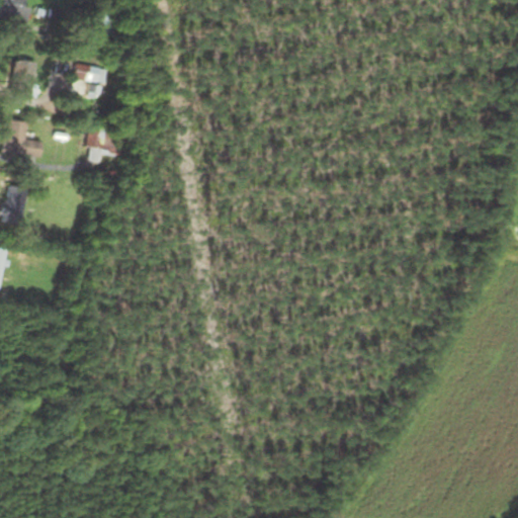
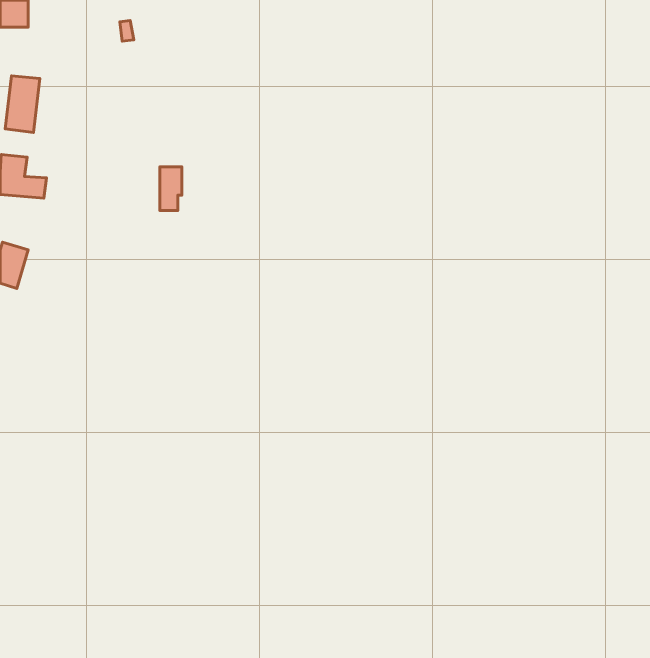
building: [72,63,109,94] -> none
building: [88,127,105,162] -> [160,167,182,211]

